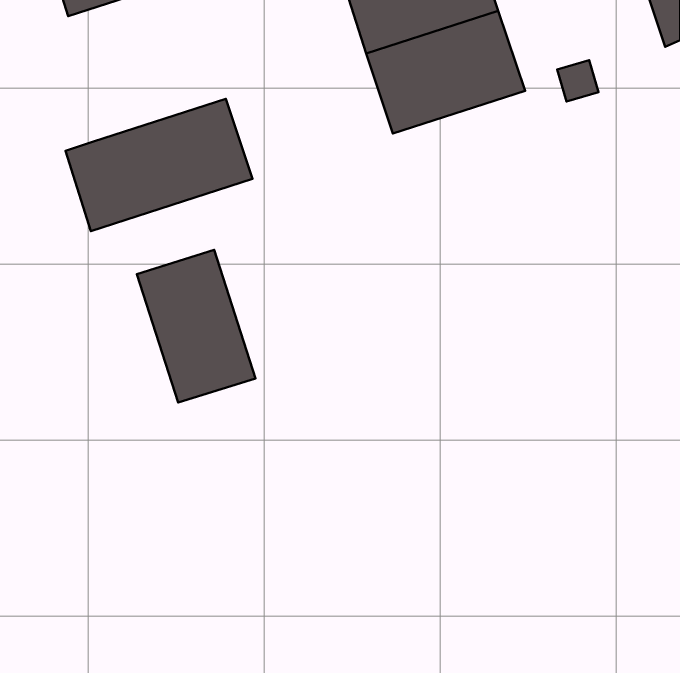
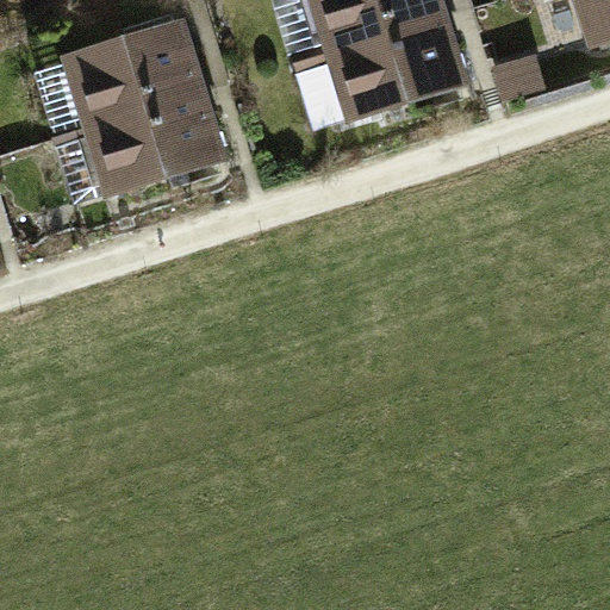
building: none -> [61,17,201,126]
building: [137,250,256,402] -> none

